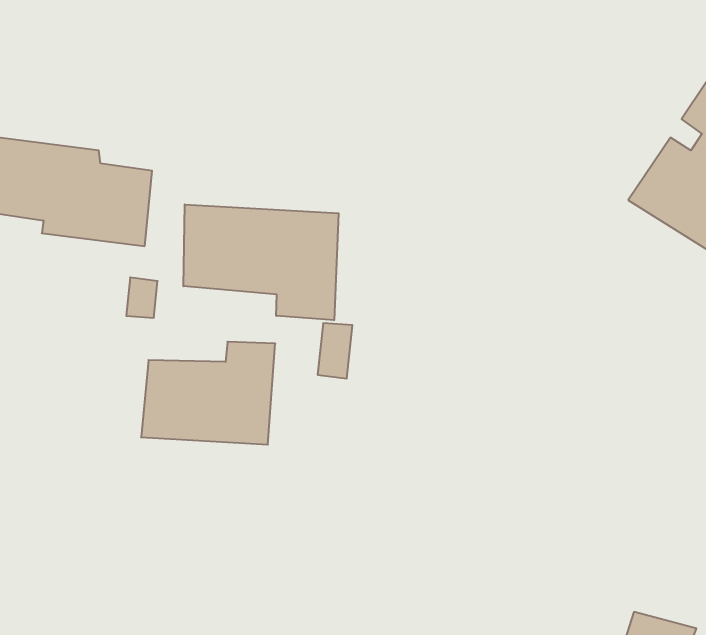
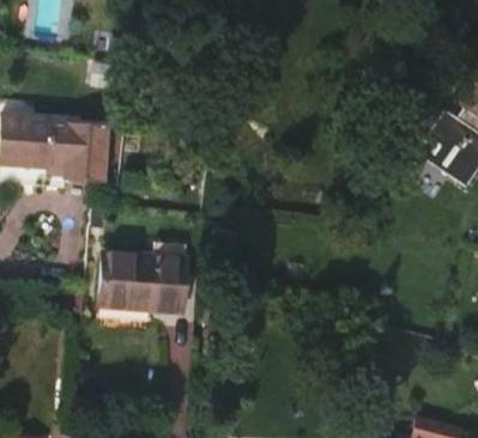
building: [183,204,339,320] -> none

